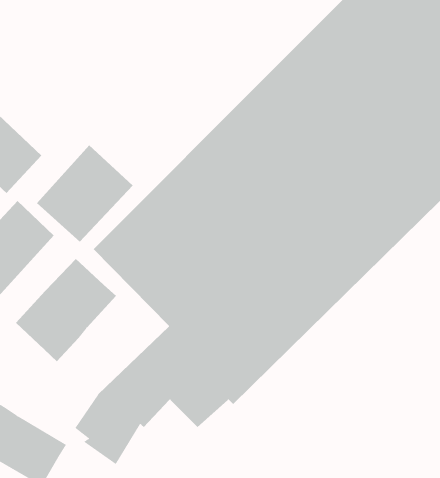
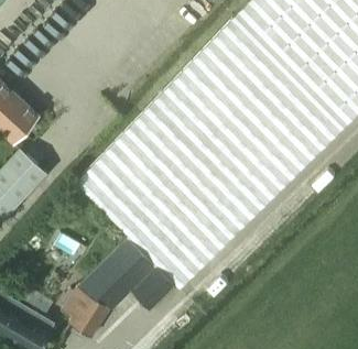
building: [36,145,133,243] -> none
building: [15,258,117,362] -> none

